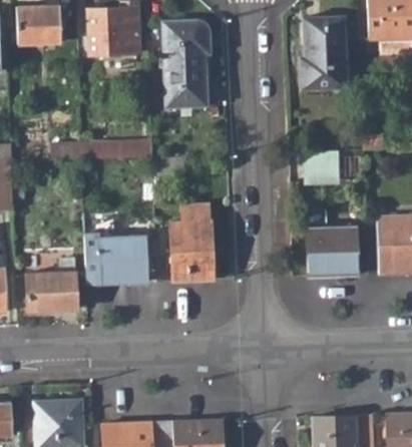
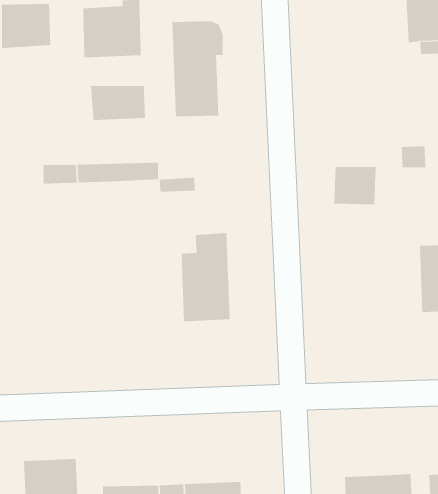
building: [299,16,346,89] -> none
building: none -> [91,85,145,121]
building: [84,213,146,285] -> none
building: [307,228,358,277] -> none
building: [27,259,76,310] -> none

